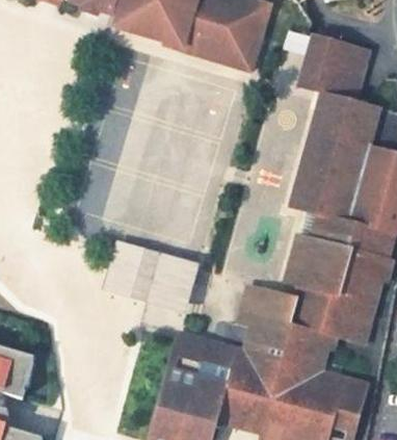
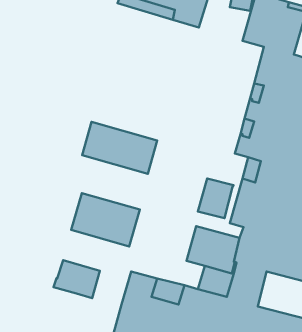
building: none -> [82,122,157,174]
building: none -> [198,178,234,218]
building: none -> [54,260,100,298]

